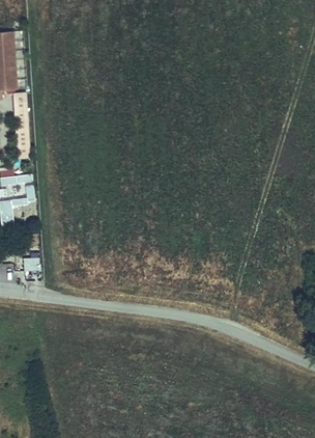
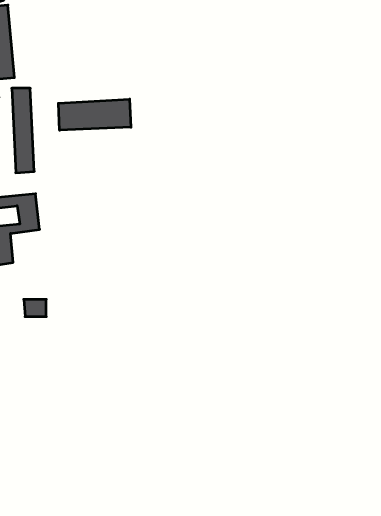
building: none -> [58,99,131,130]

